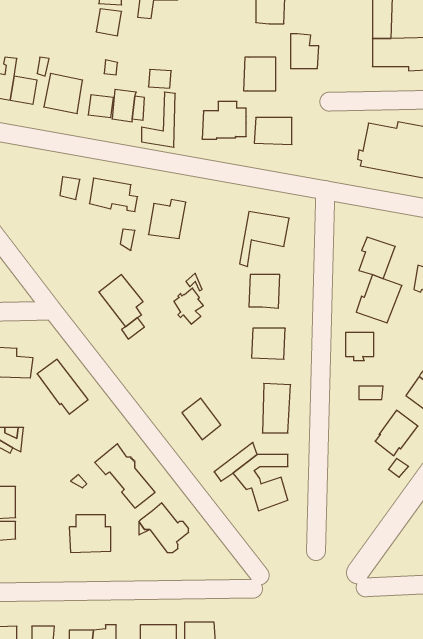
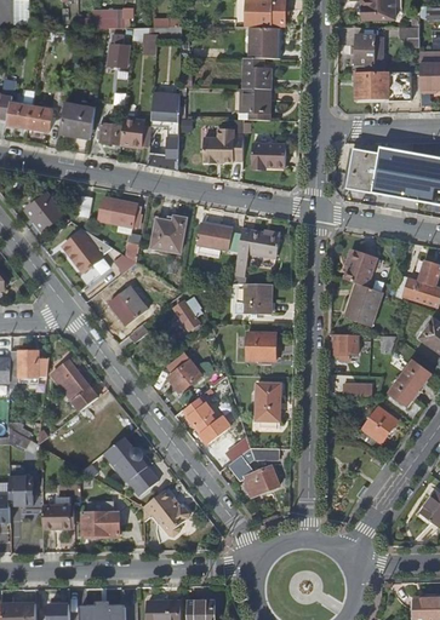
building: [291,34,319,69] -> [244,57,269,88]
building: none -> [25,193,64,230]
building: none -> [198,223,234,249]
building: none -> [68,230,113,276]
building: none -> [167,360,201,392]
building: none -> [42,505,72,529]

